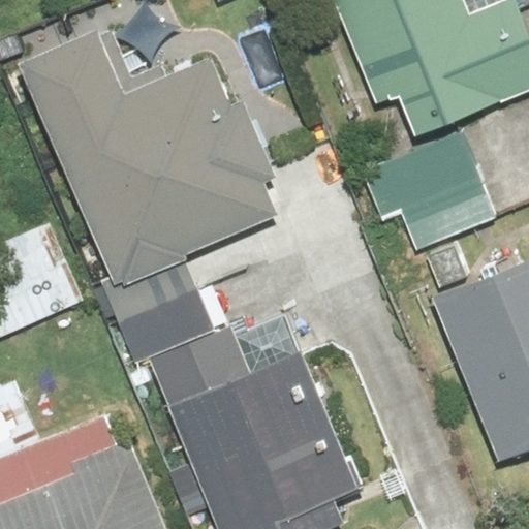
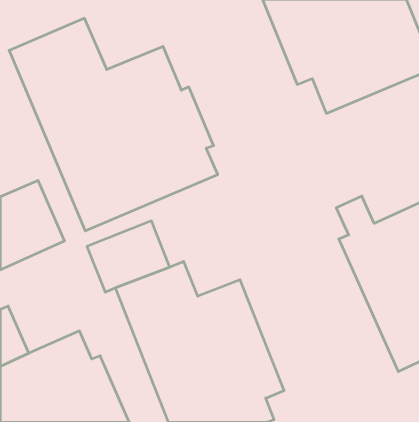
building: [362,129,500,252] -> none

